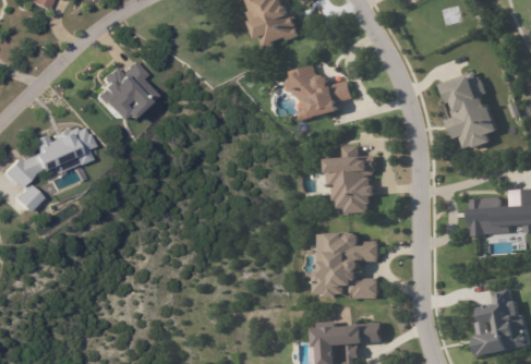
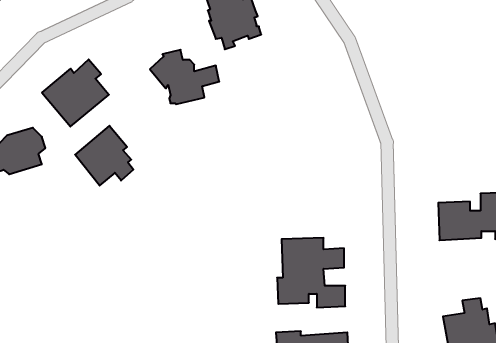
building: [283,66,350,119] -> [150,50,219,104]
building: [439,70,495,149] -> none
building: none -> [75,126,133,186]
building: [324,146,375,215] -> none

